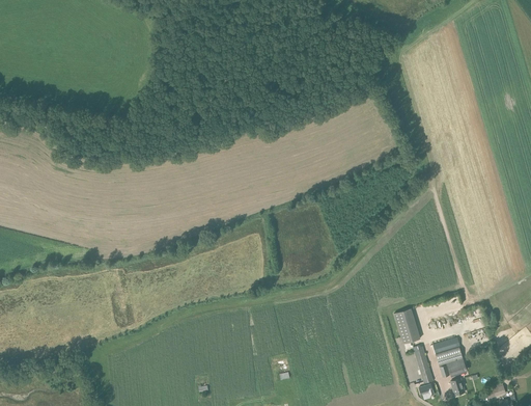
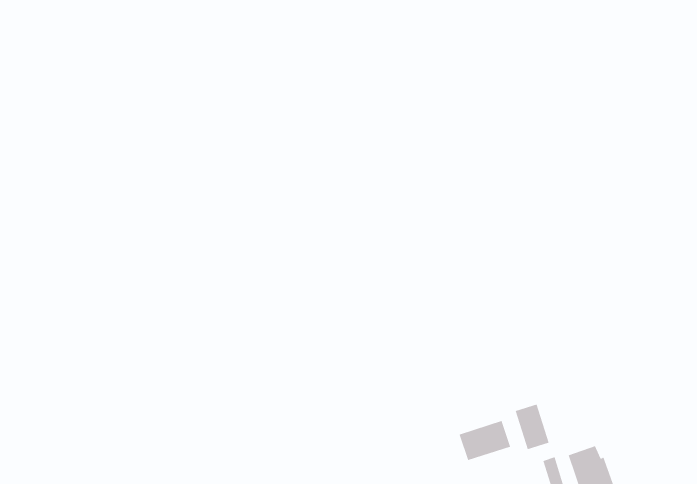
building: none -> [459,420,511,461]

